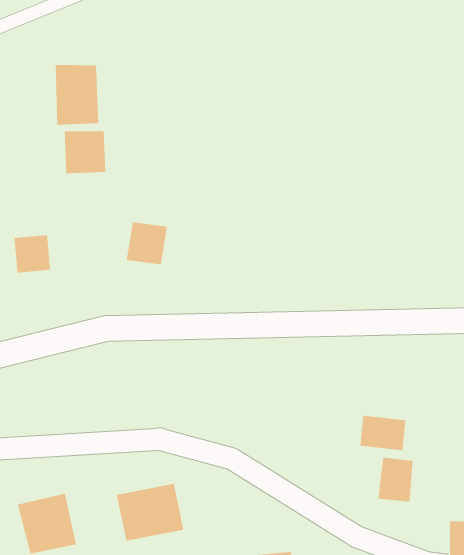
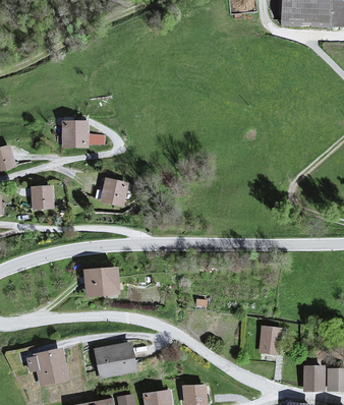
building: [55,64,99,125] -> none
building: none -> [82,268,120,297]
building: [360,415,406,451] -> none

